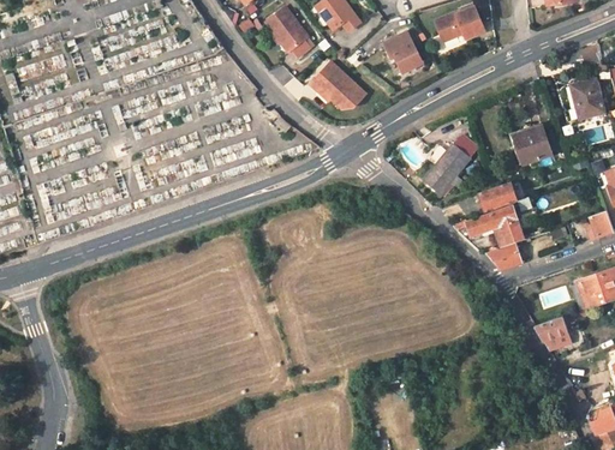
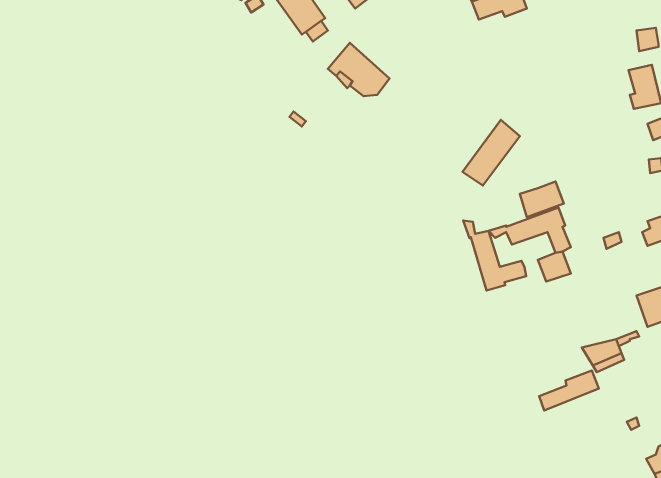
building: [382,31,422,73] -> none
building: [512,126,549,163] -> none
building: none -> [463,221,526,290]
building: none -> [539,371,599,410]

